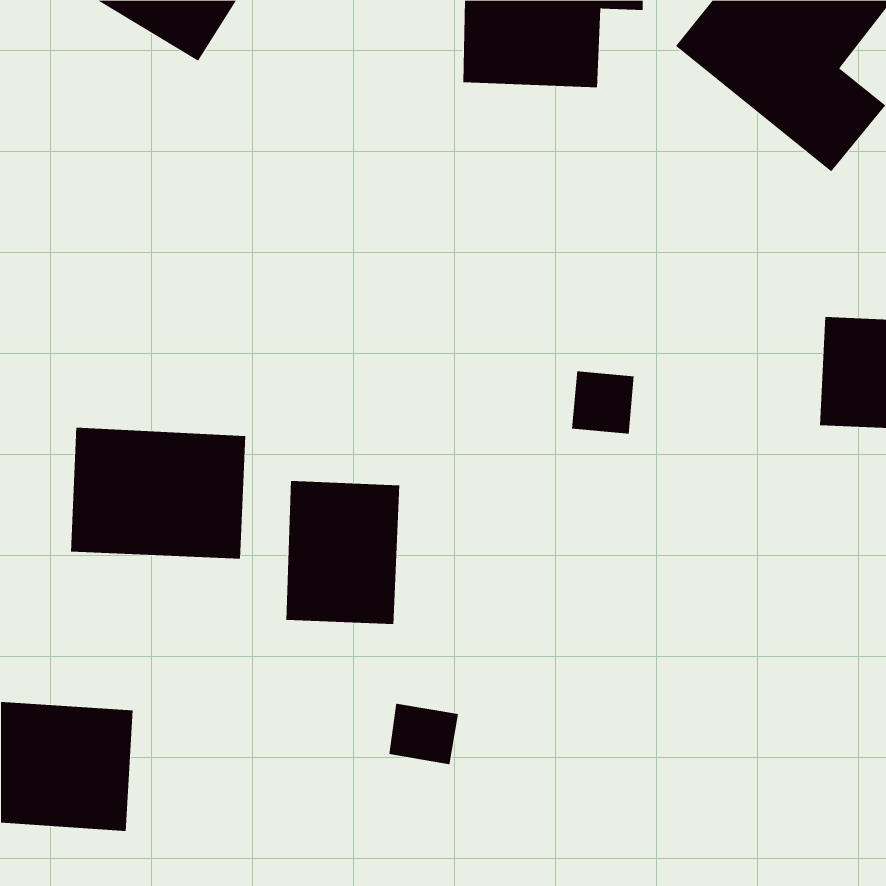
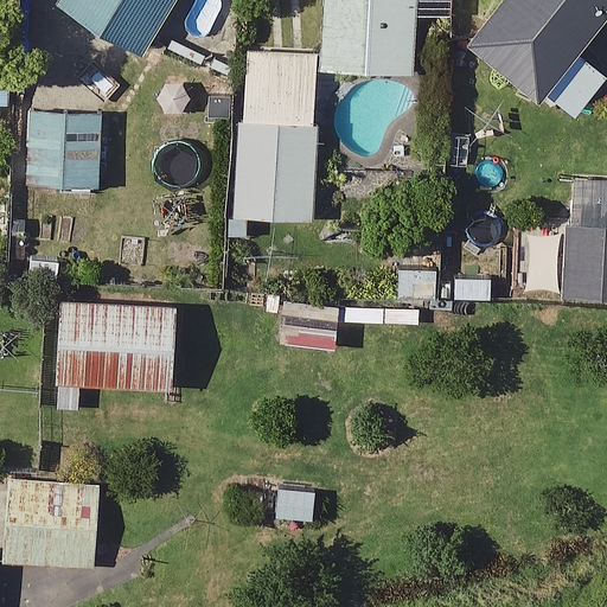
building: none -> [236,51,318,219]
building: none -> [23,111,102,186]
building: [286,480,400,625] -> none

